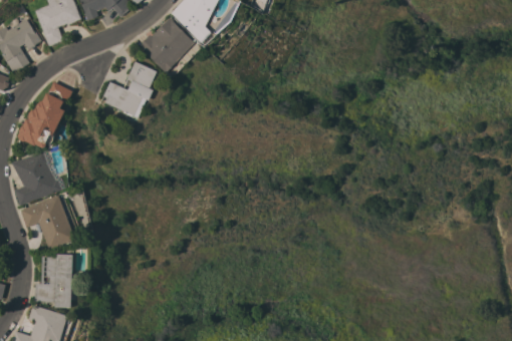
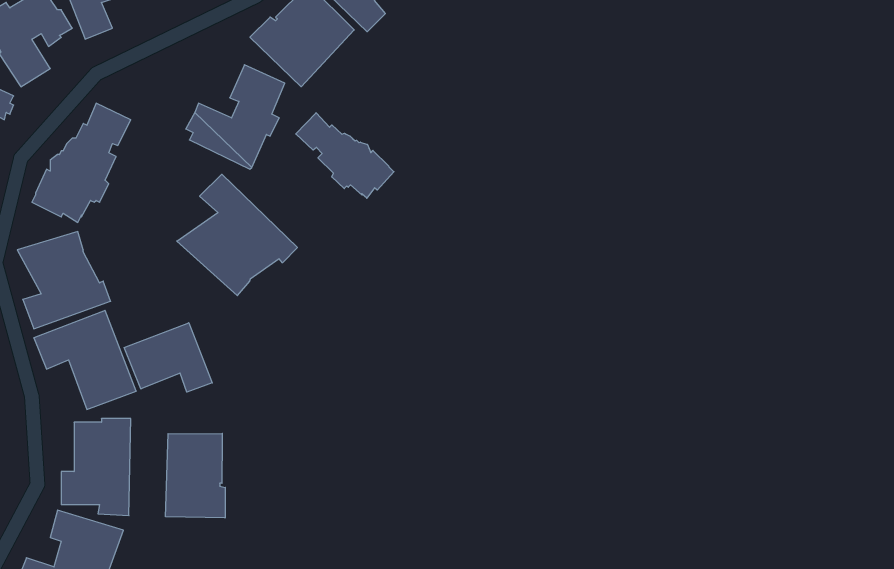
building: none -> [296,113,394,198]
building: none -> [177,174,297,296]
building: none -> [124,323,212,392]
building: none -> [166,433,225,518]

